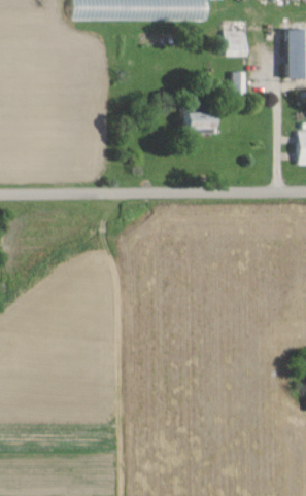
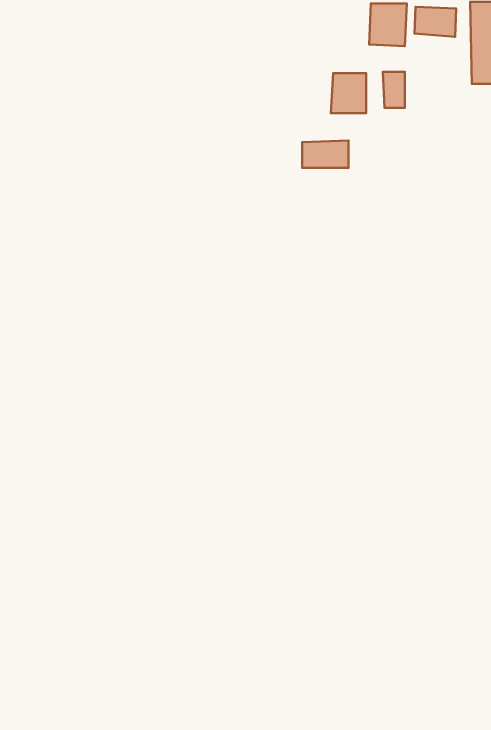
building: none -> [414,7,456,37]
building: none -> [331,73,366,113]

